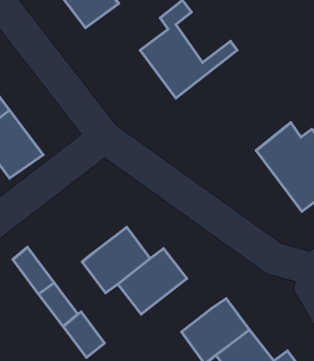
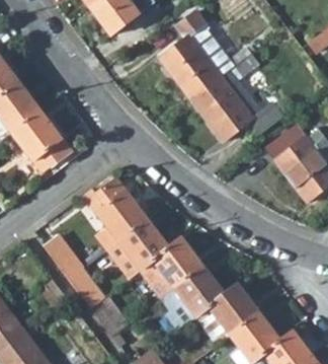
building: none -> [192,56,282,141]
building: none -> [87,177,148,240]
building: none -> [161,264,225,324]

